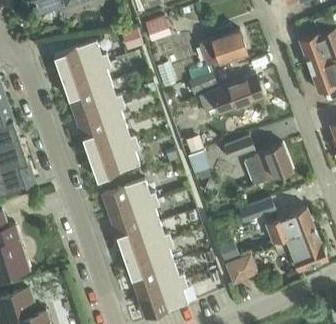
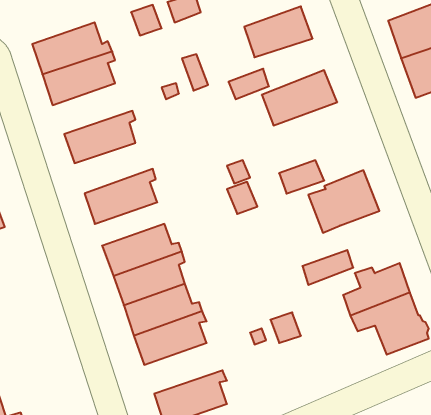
building: [68,83,123,118] -> none
building: [83,124,137,159] -> none
building: [226,255,257,283] -> none
building: [131,262,185,297] -> none

